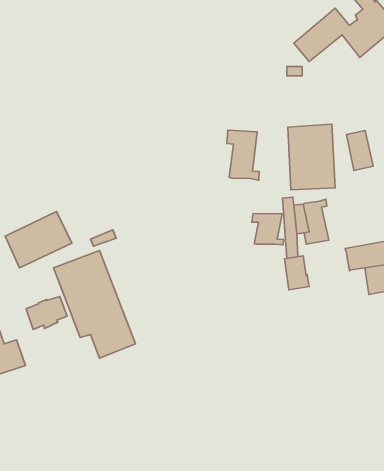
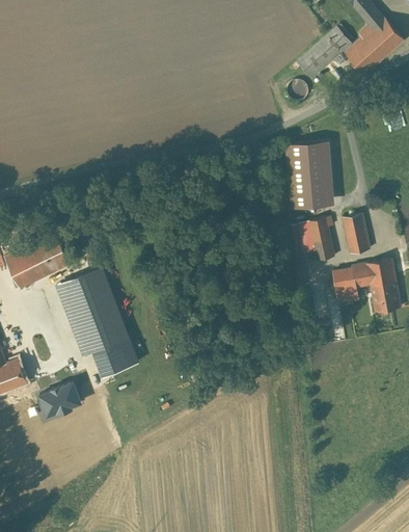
building: [227,130,259,180] -> none
building: [347,130,373,170] -> [342,214,369,255]
building: [252,213,284,245] -> none
building: [285,256,309,290] -> [332,269,357,303]
building: [26,297,67,329] -> [38,383,80,417]

